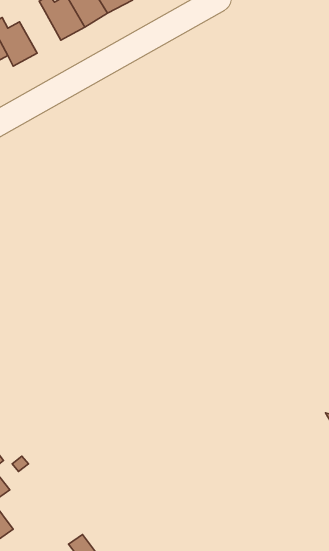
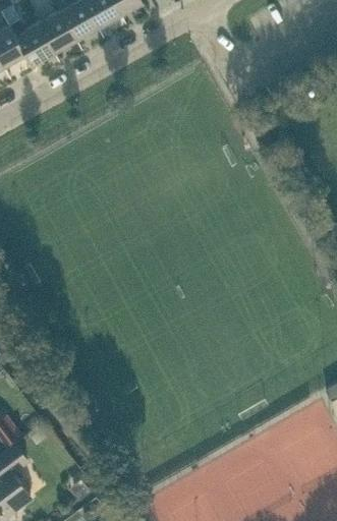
building: none -> [37,11,75,53]

